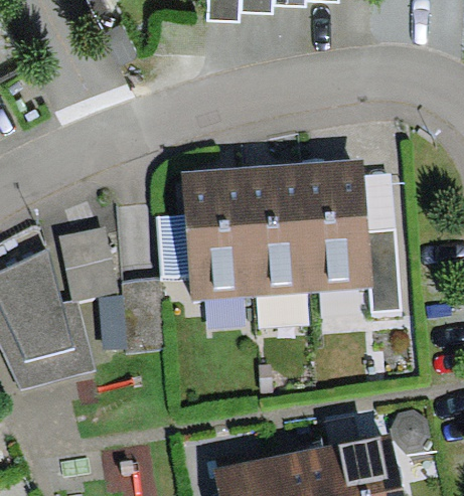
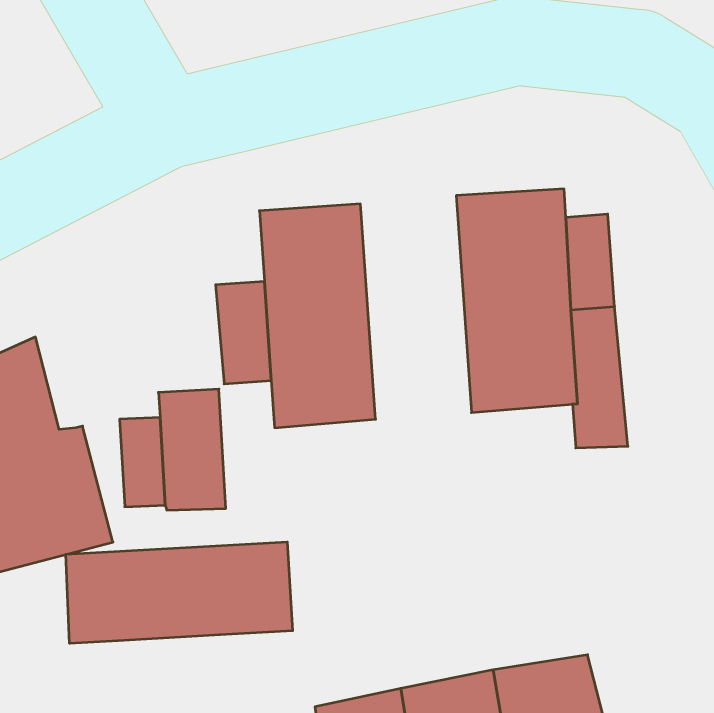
building: [243,163,309,297] -> none
building: [59,227,119,302] -> none
building: none -> [66,542,293,643]

